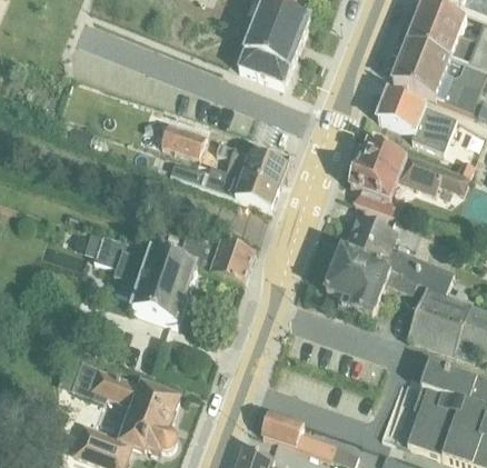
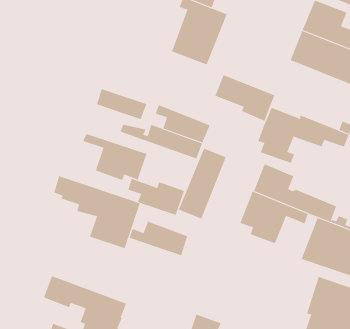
building: [376,90,455,151] -> [215,75,275,121]
building: none -> [83,133,147,181]
building: none -> [178,148,227,219]
building: none -> [129,221,188,256]

